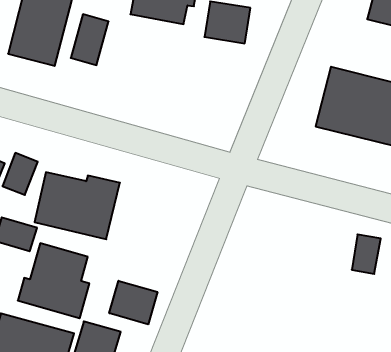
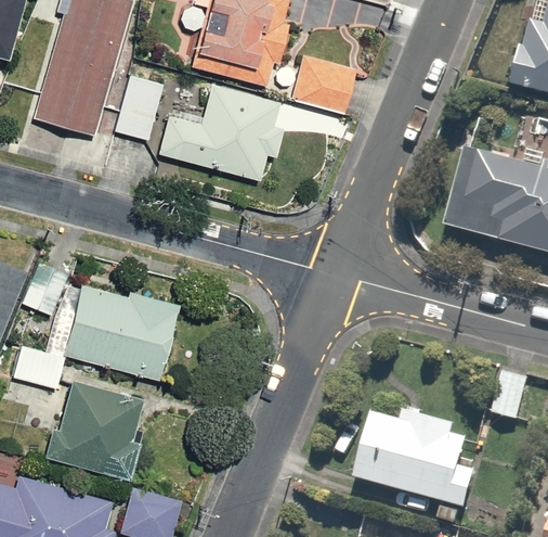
building: none -> [157,87,284,182]
building: none -> [356,409,478,503]
building: [109,281,157,324] -> none

